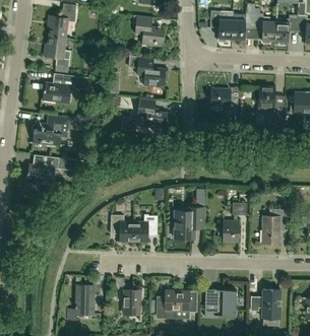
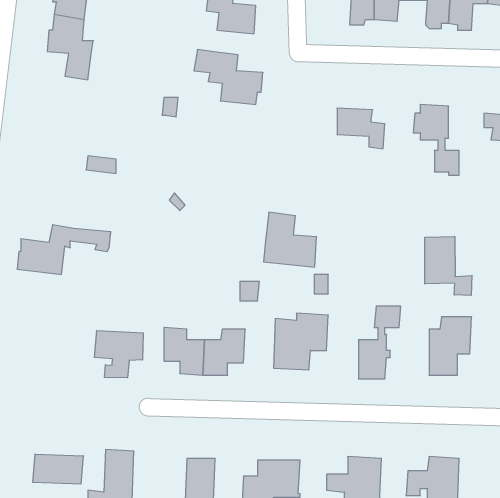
building: [43,74,90,102] -> none
building: [136,96,167,128] -> [264,212,317,267]
building: [33,123,67,146] -> none
building: none -> [425,236,472,295]
building: none -> [94,331,143,378]
building: none -> [33,454,83,484]

